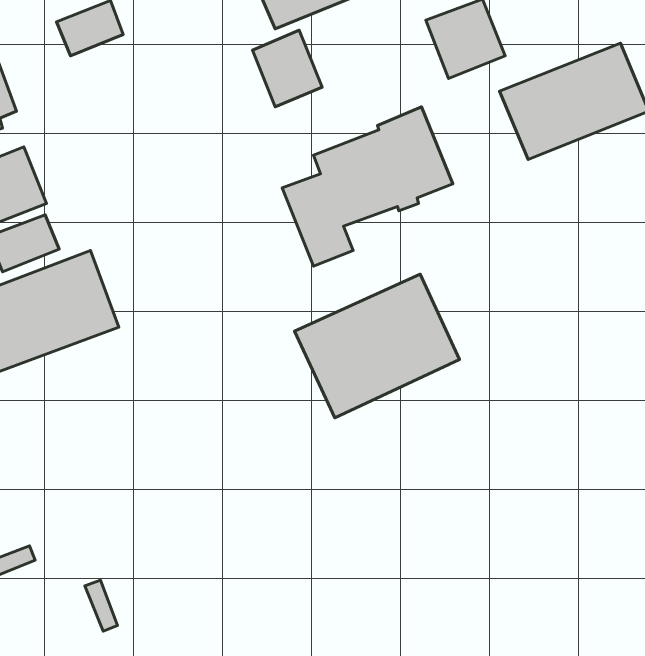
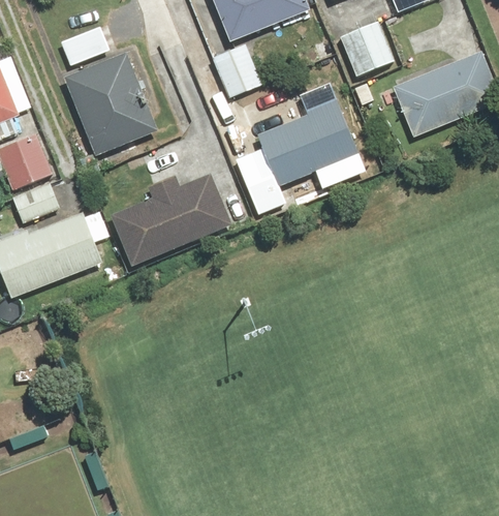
building: none -> [66,50,163,153]
building: none -> [113,172,225,265]
building: [294,274,459,418] -> none

